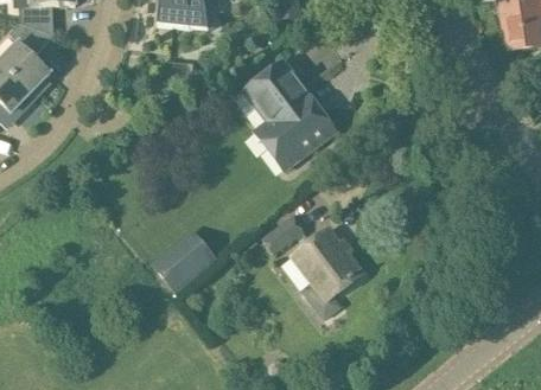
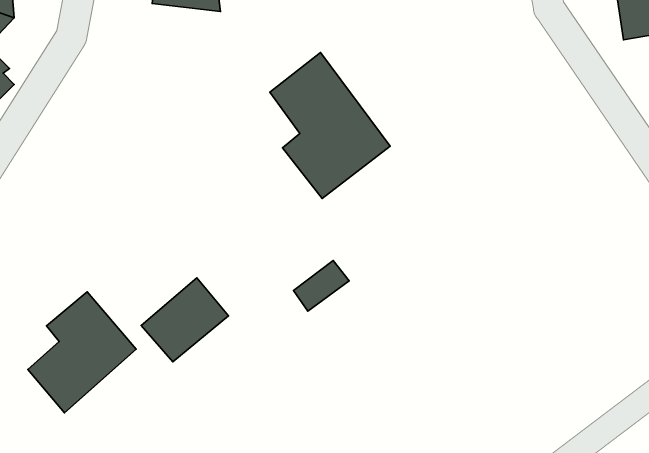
building: [292,225,362,315] -> none
building: none -> [28,292,136,413]

